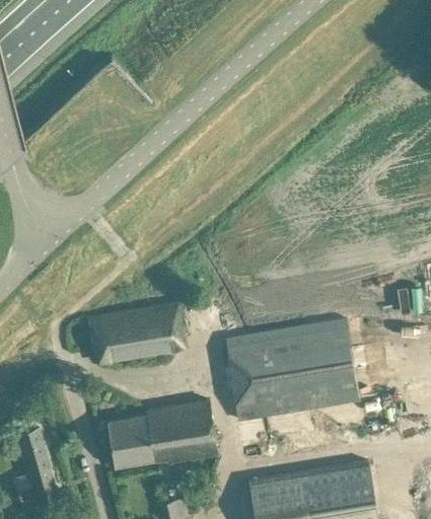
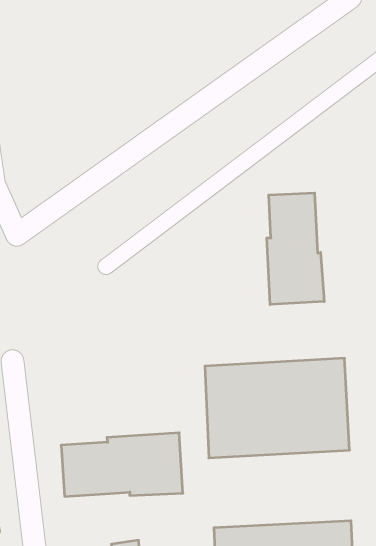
building: none -> [267,193,324,305]
building: [88,304,189,364] -> none

